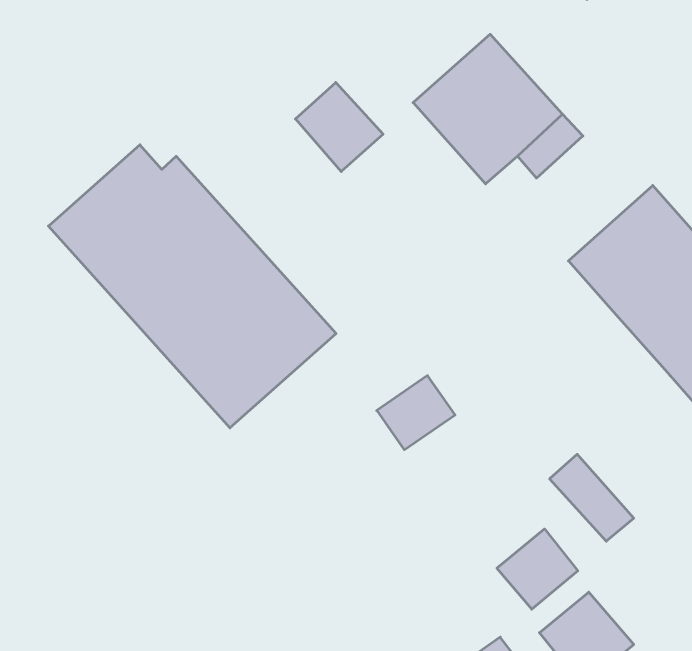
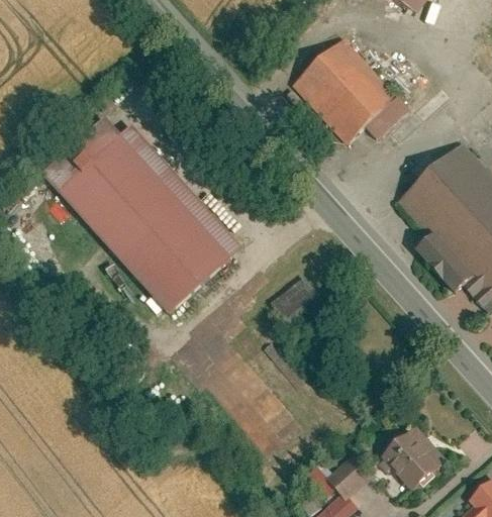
building: [295,82,383,172] -> none
building: [550,454,634,541] -> [414,231,473,292]
building: [497,529,578,609] -> none

